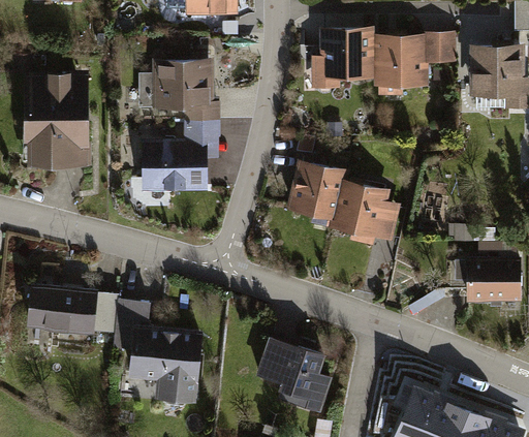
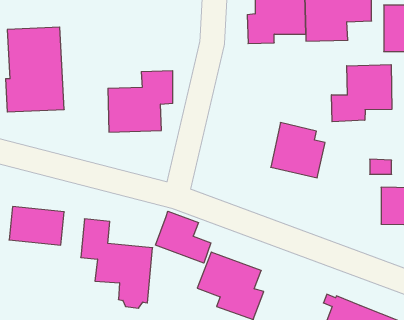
building: [139,58,221,123] -> none
building: none -> [332,65,392,122]
building: [286,161,351,236] -> none
building: none -> [156,211,211,263]
building: [89,288,117,330] -> none

